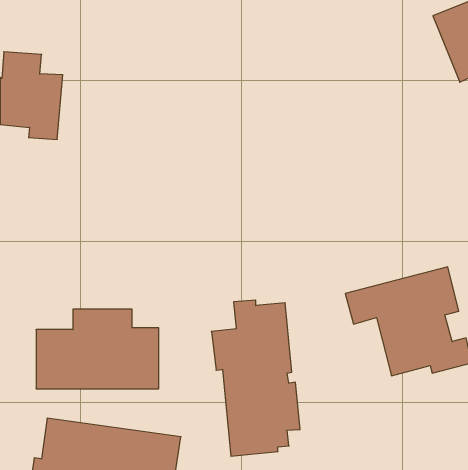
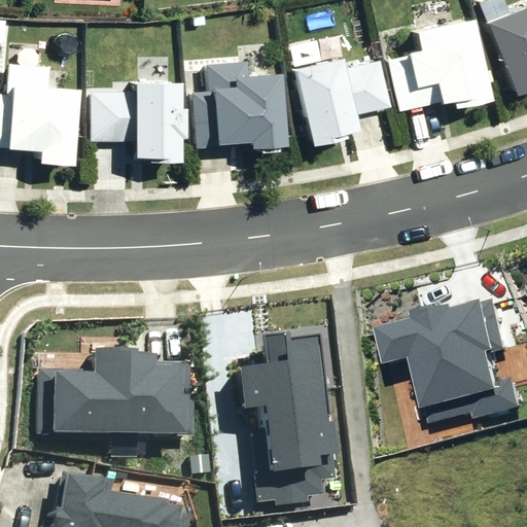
building: none -> [395,14,495,113]
building: none -> [293,56,393,143]
building: none -> [194,63,286,147]
building: none -> [92,79,186,160]

